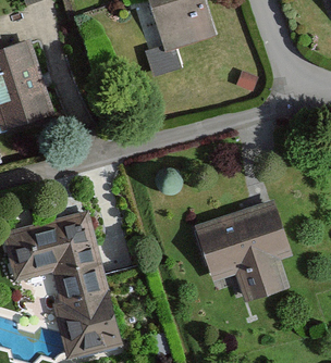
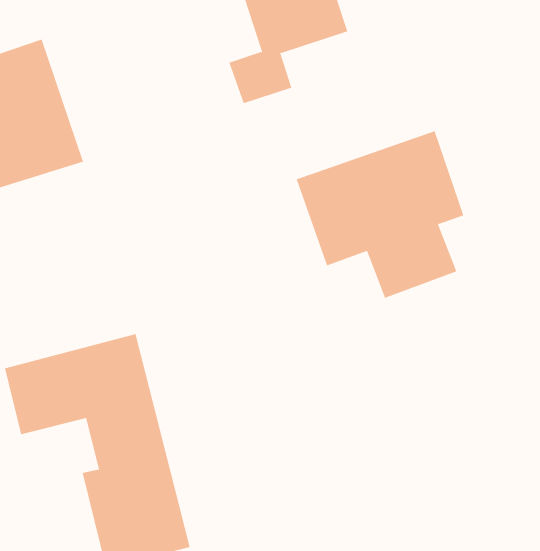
building: [193,202,294,303] -> [296,130,464,299]

